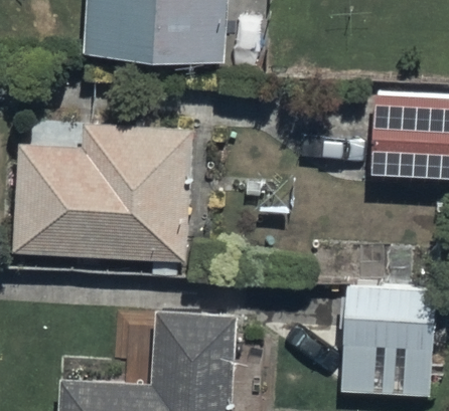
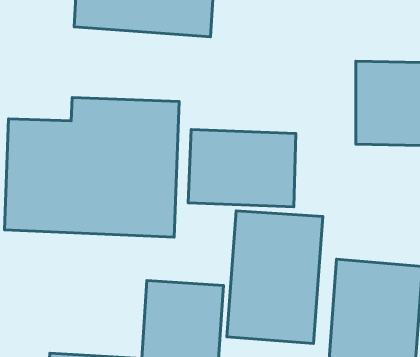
building: none -> [188,130,296,207]
building: none -> [227,211,323,344]

